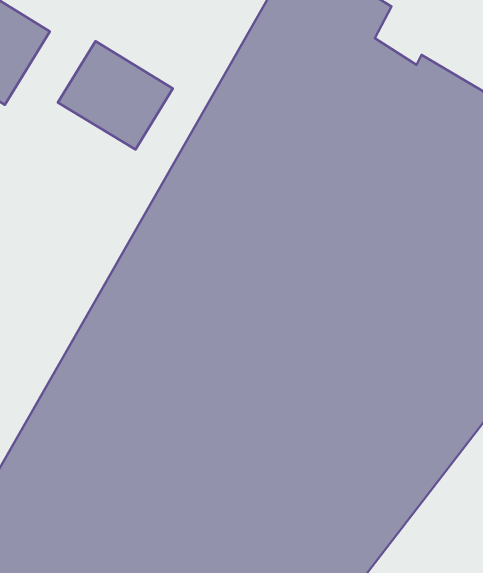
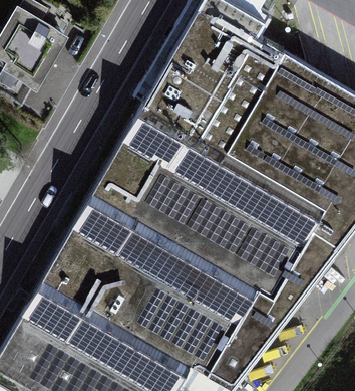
building: [58,41,173,150] -> none

